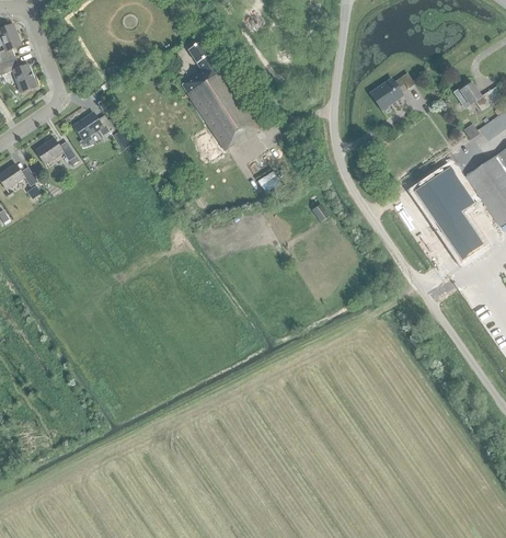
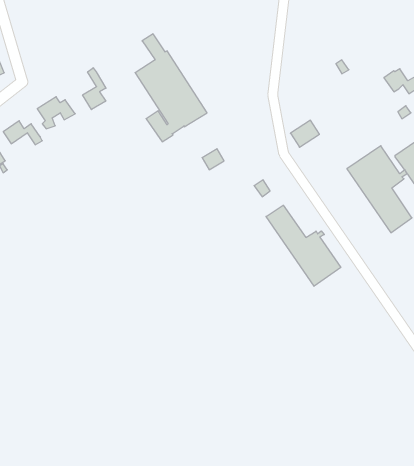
building: [369,77,401,106] -> [290,120,319,147]
building: none -> [83,68,106,110]
building: none -> [266,205,341,286]

